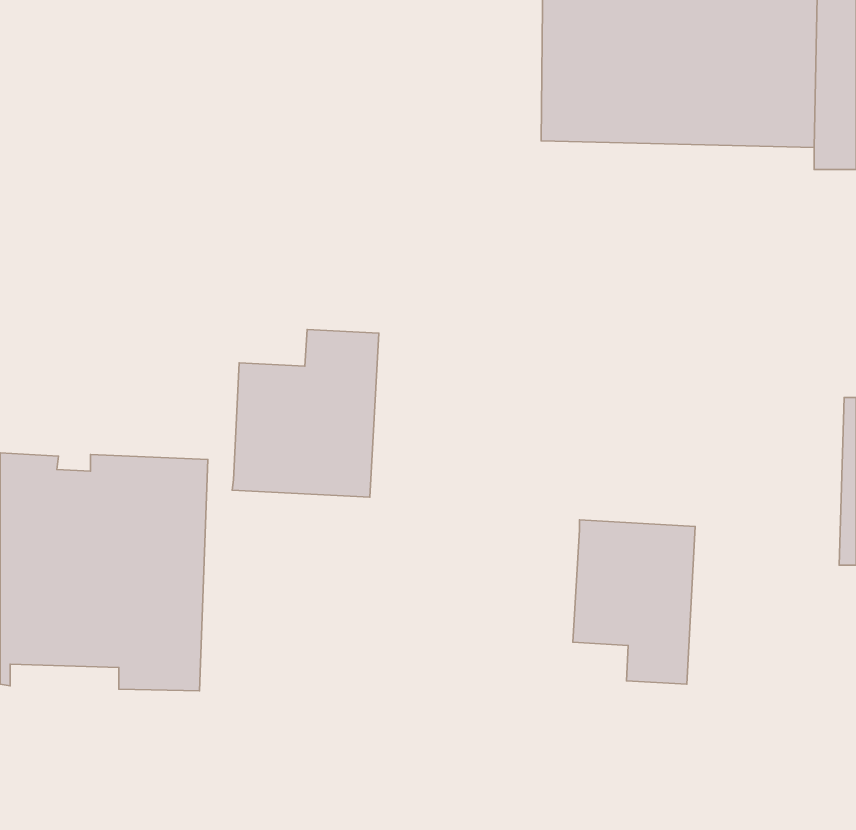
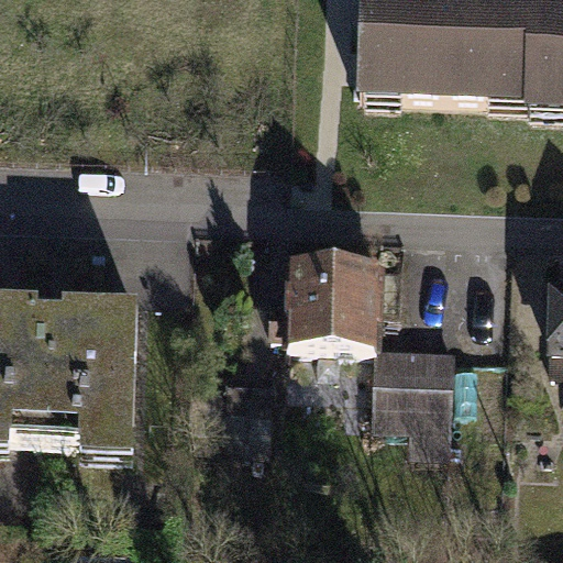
building: [232,329,379,497] -> none
building: none -> [286,262,385,347]

